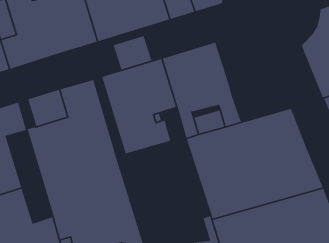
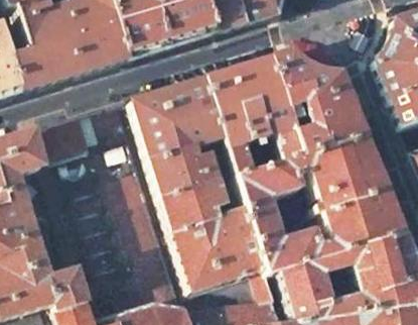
building: [112,35,152,70] -> none
building: none -> [271,48,363,152]
building: none -> [161,176,265,289]

